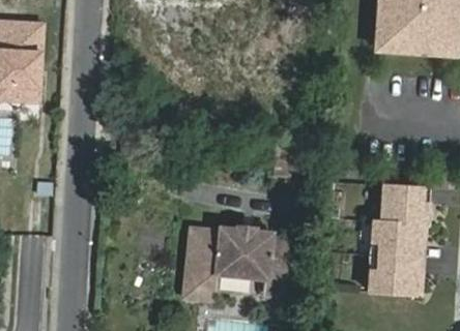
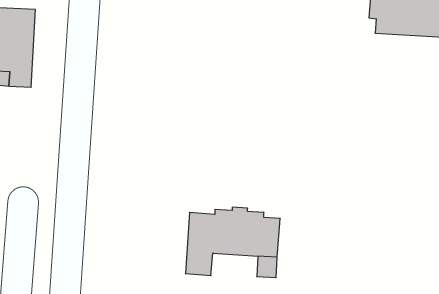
building: [368,183,430,294] -> none

